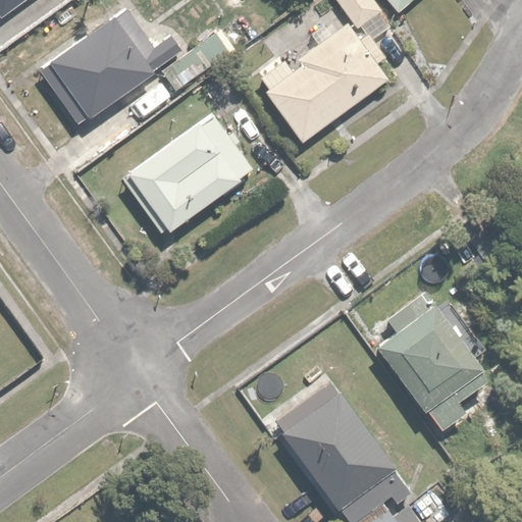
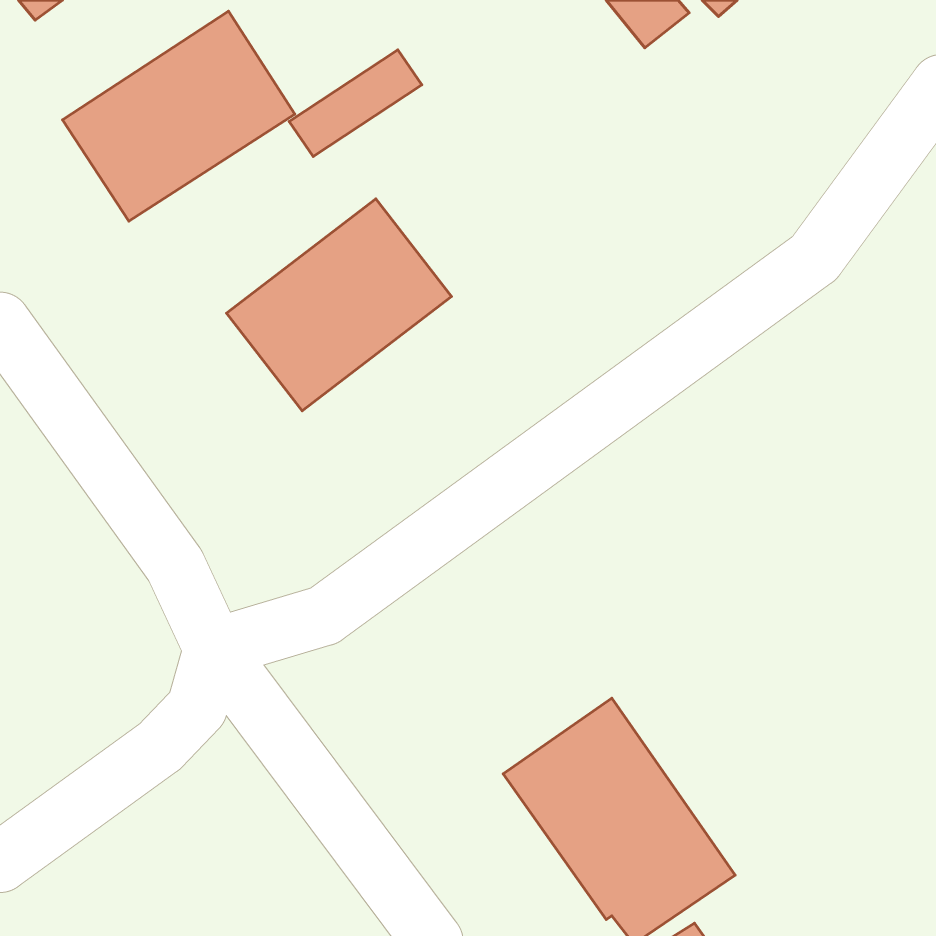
building: [258,24,387,140] -> none
building: [377,292,485,430] -> none

